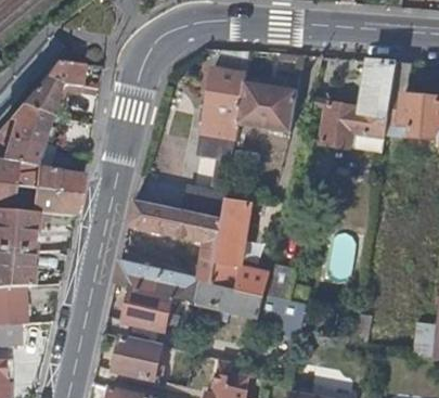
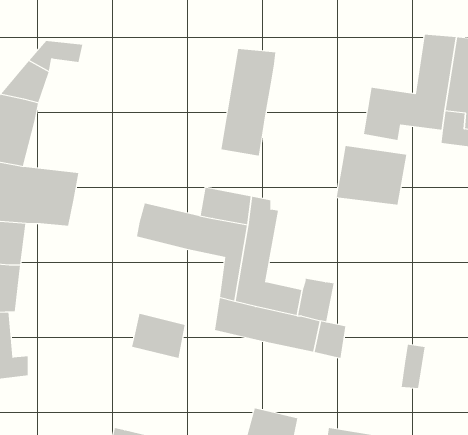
building: [237,81,297,131] -> [336,145,407,205]
building: [115,259,198,304] -> none
building: [115,337,162,377] -> none

